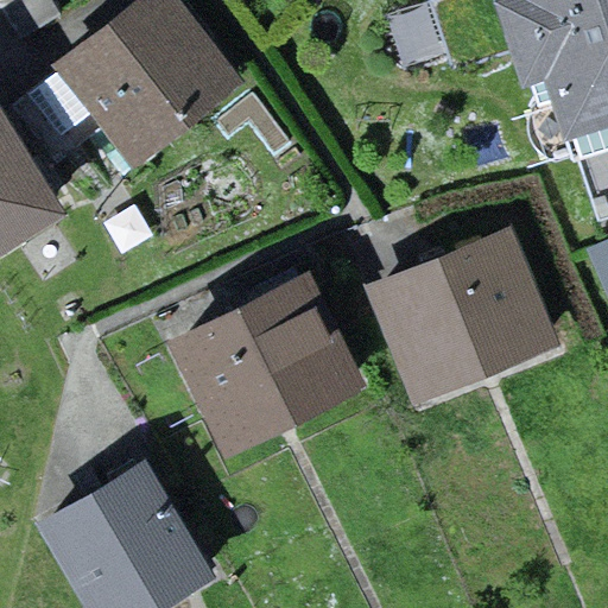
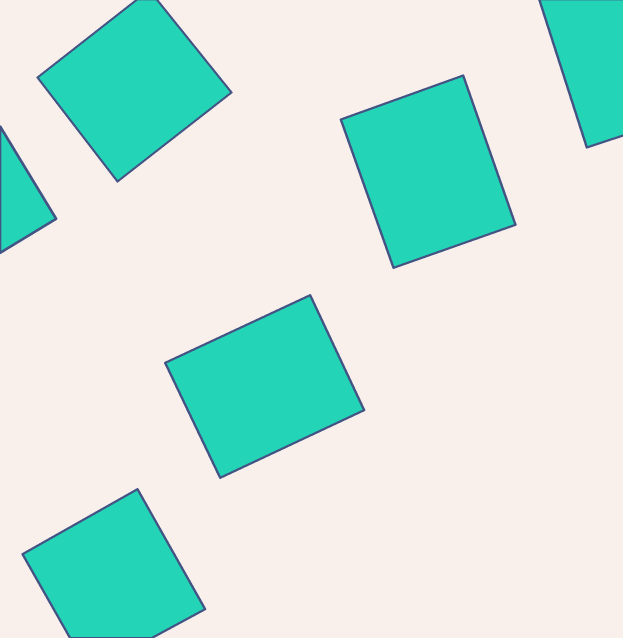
building: none -> [341,76,515,268]
building: [363,230,553,403] -> none

